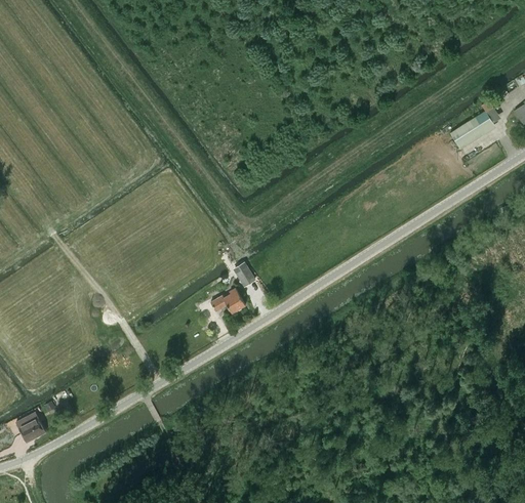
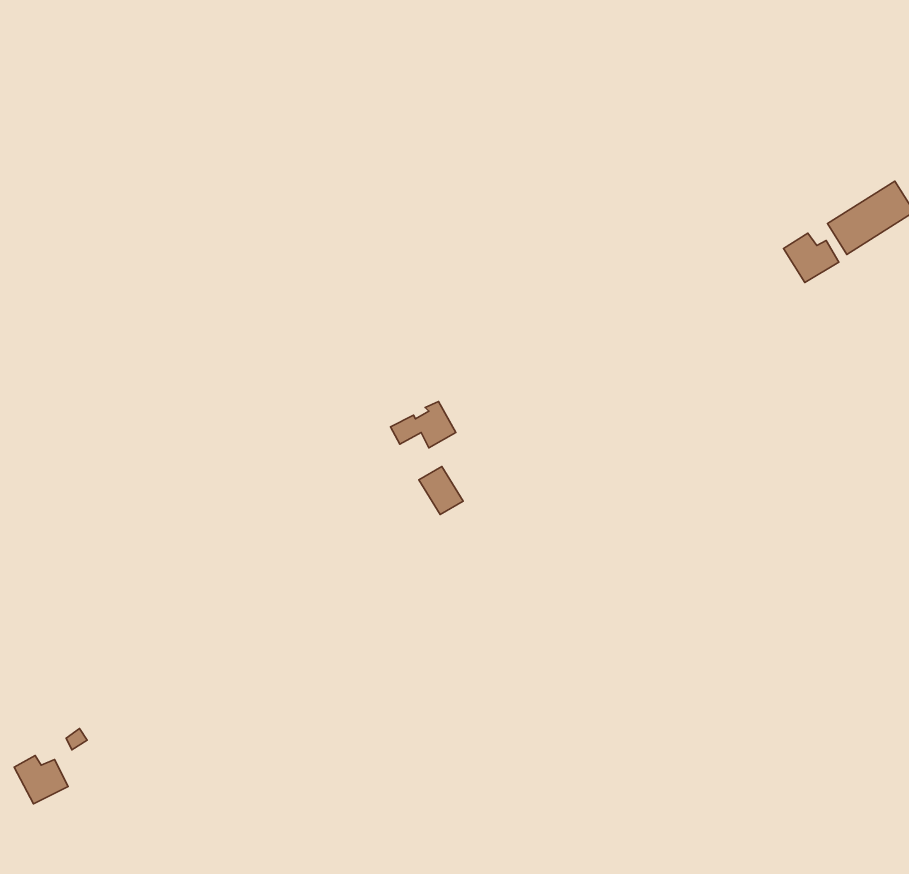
building: none -> [784,233,839,283]
building: [211,288,246,312] -> [390,402,456,448]

